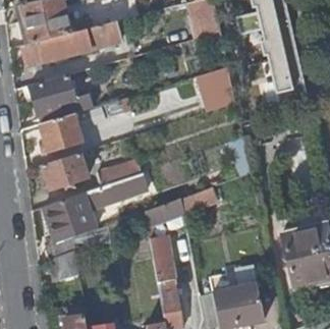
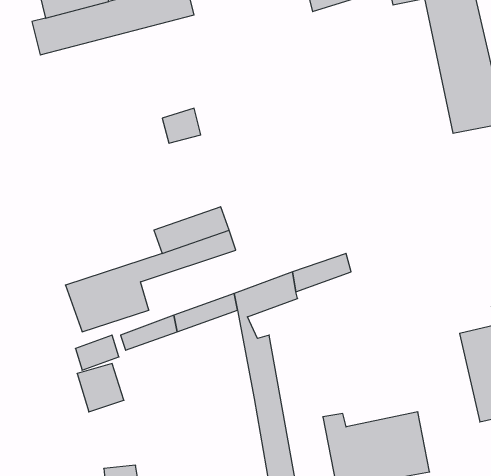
building: [194,65,236,112] -> none
building: [30,74,74,115] -> none
building: [40,113,80,151] -> none
building: [42,152,89,188] -> none

